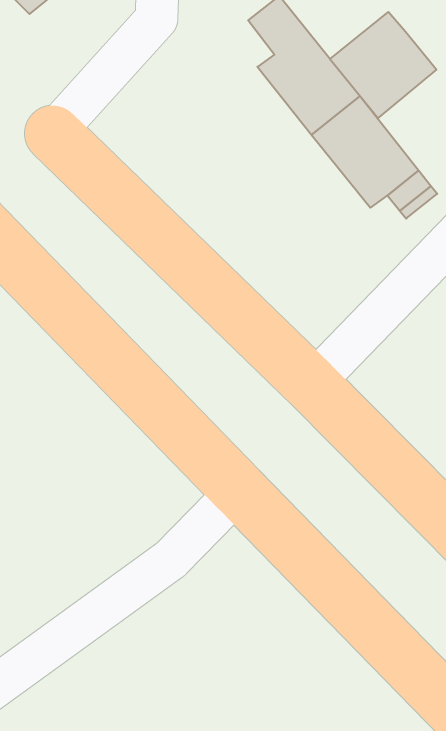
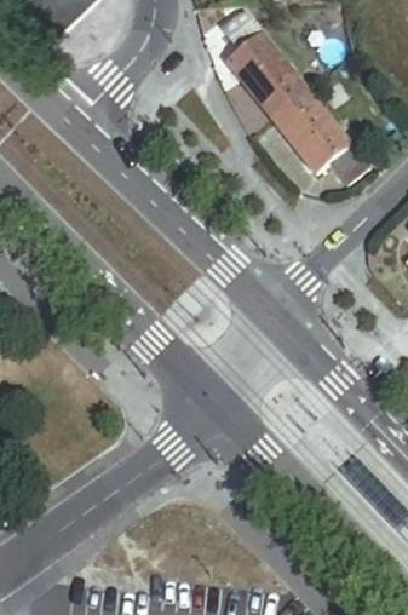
building: [330,12,436,118] -> none

